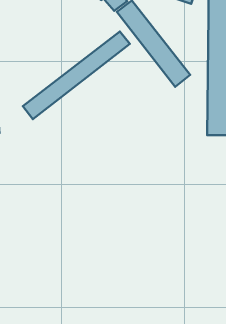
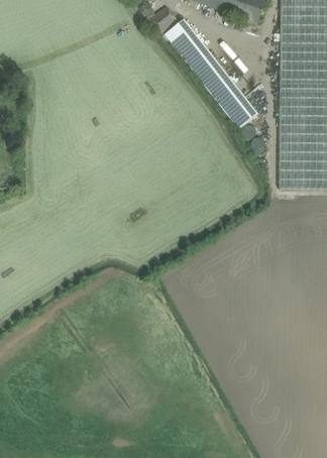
building: [23,32,130,119] -> none

